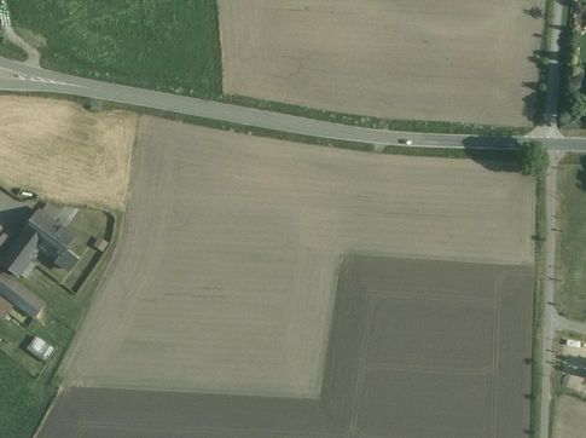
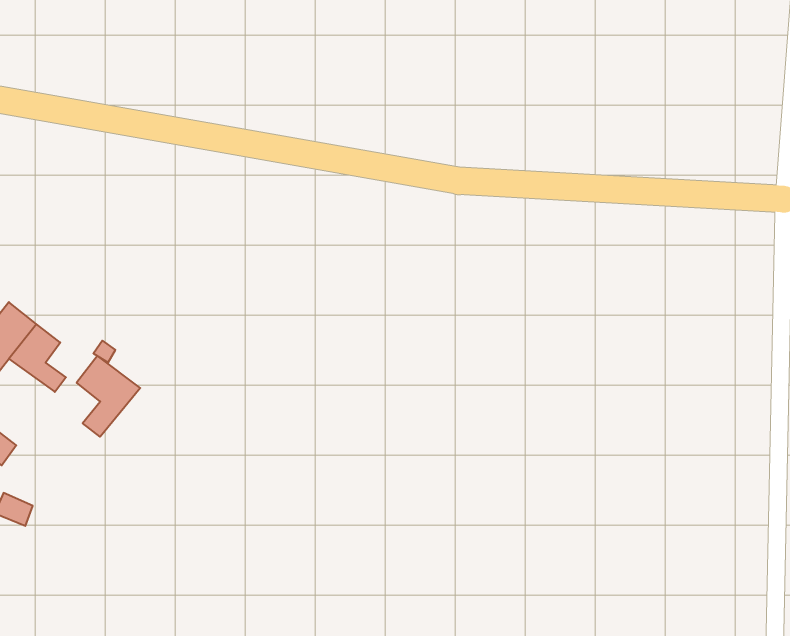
building: none -> [77,356,140,437]

